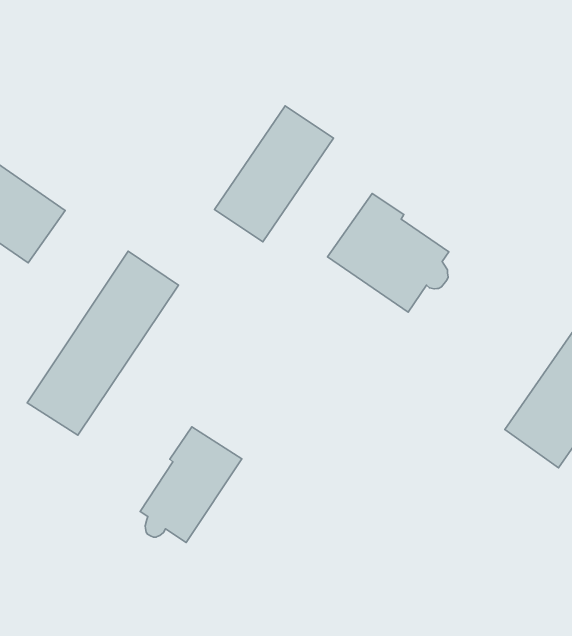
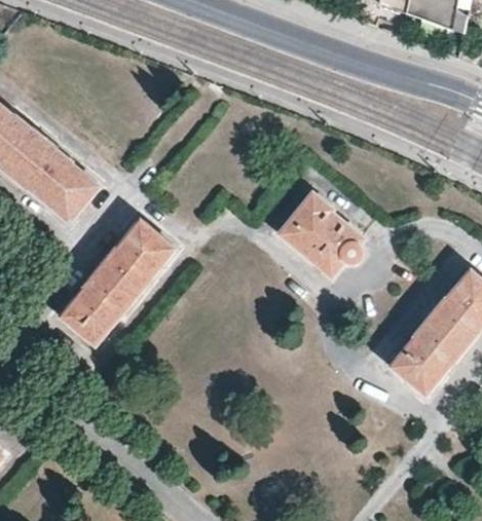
building: [215,106,333,242] -> none
building: [140,427,242,542] -> none

